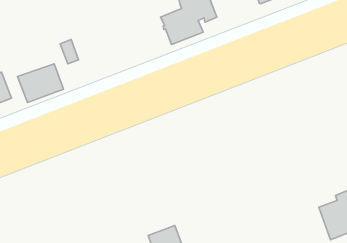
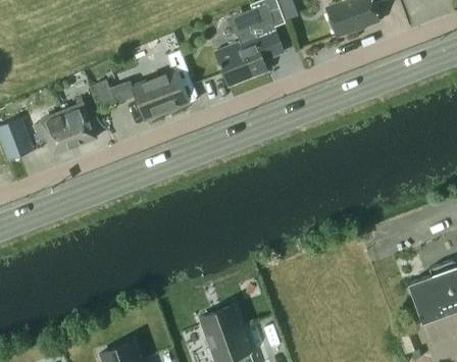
building: none -> [133,70,186,119]

